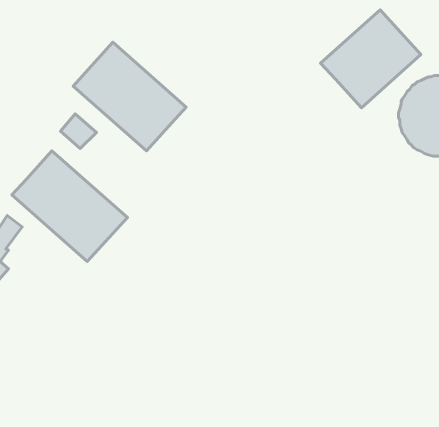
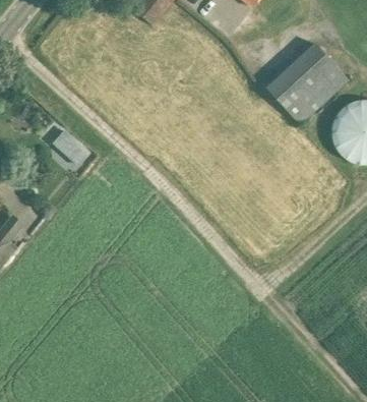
building: [73,42,186,151] -> none
building: [12,151,127,262] -> none

